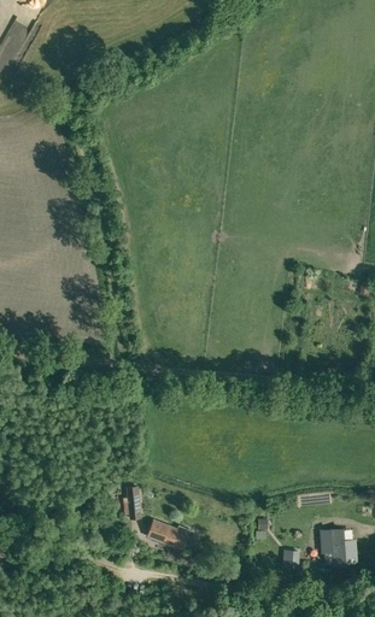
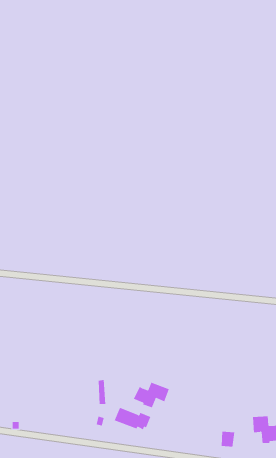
building: none -> [133,382,170,408]

